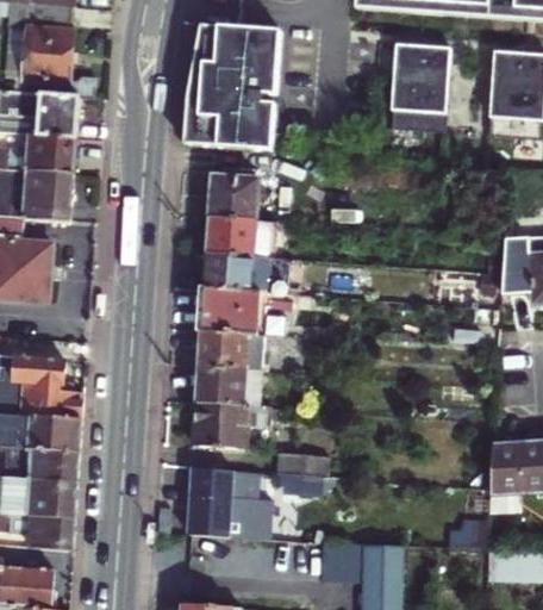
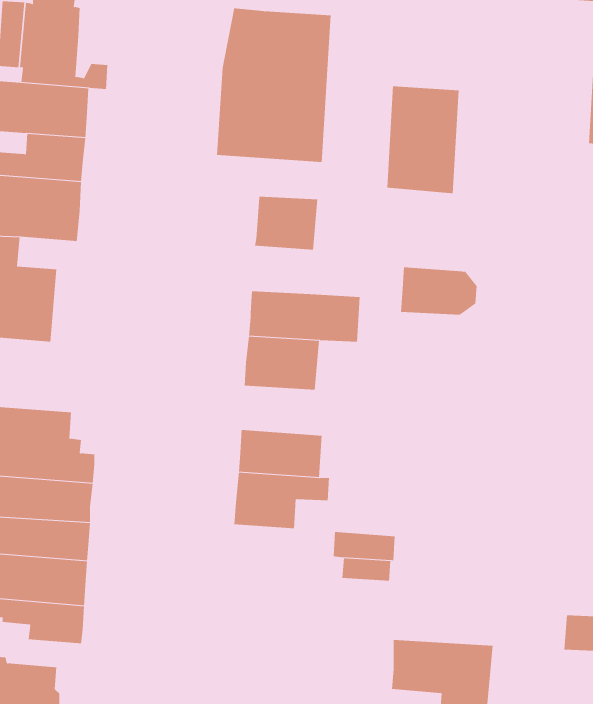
building: [386,43,445,131] -> [386,86,459,194]
building: [210,217,273,256] -> [400,267,478,315]
building: [201,331,272,372] -> none
building: [187,466,272,535] -> none

